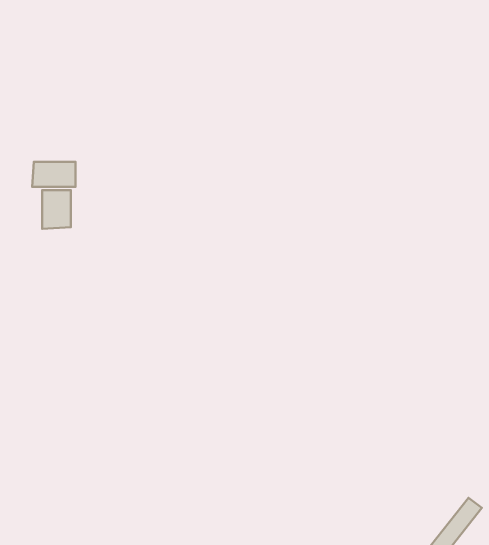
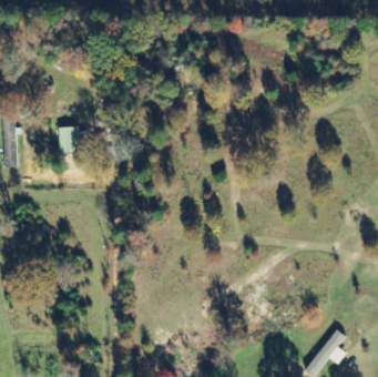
building: [32,162,75,187] -> none

